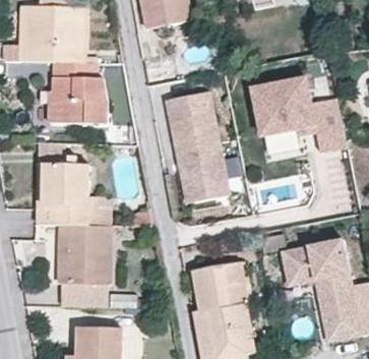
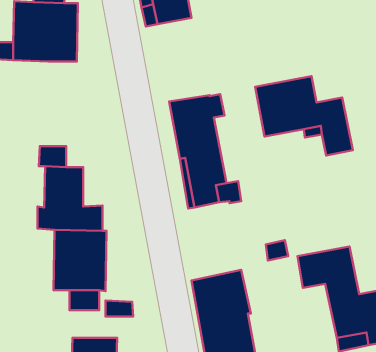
building: [48,61,105,122] -> none

